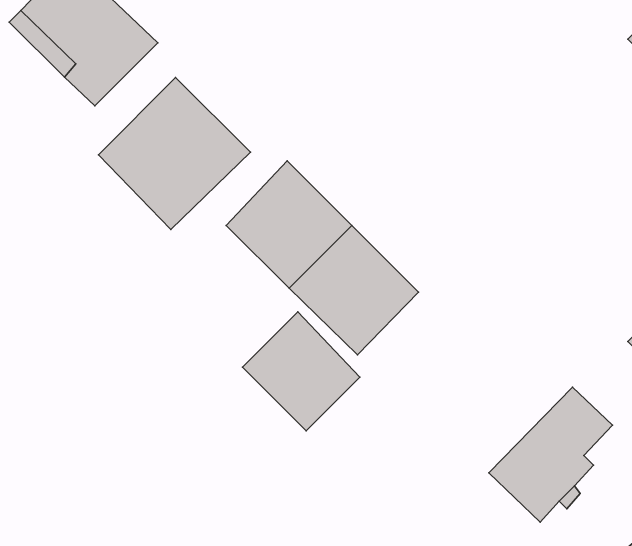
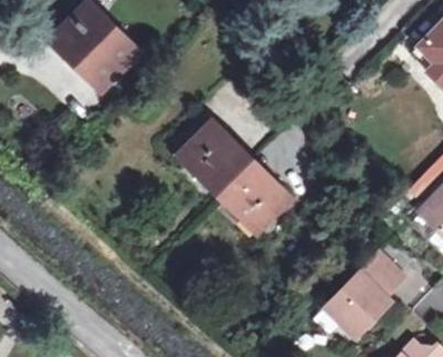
building: [98,78,250,229] -> none
building: [243,312,360,431] -> none

